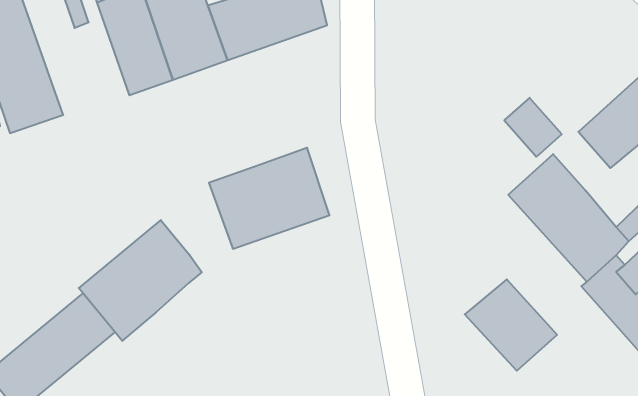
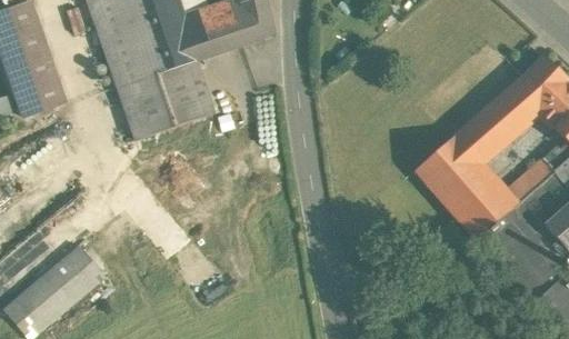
building: [504,98,562,157] -> [453,116,499,162]
building: [209,148,330,249] -> [118,59,213,139]
building: [79,220,202,341] -> none
building: [465,279,557,371] -> none

